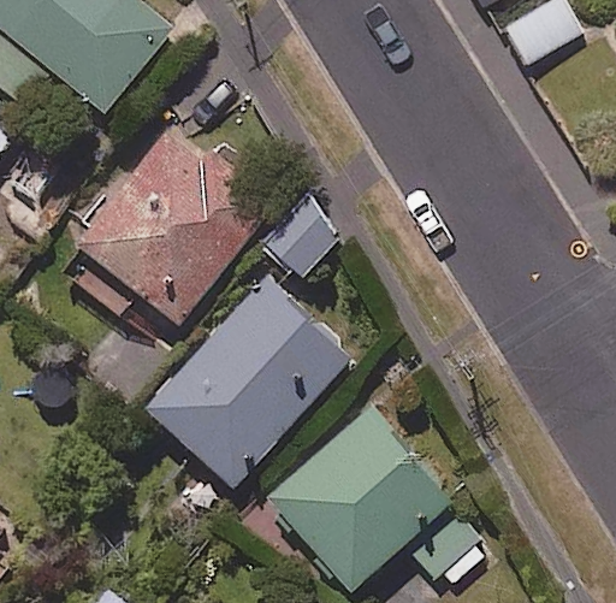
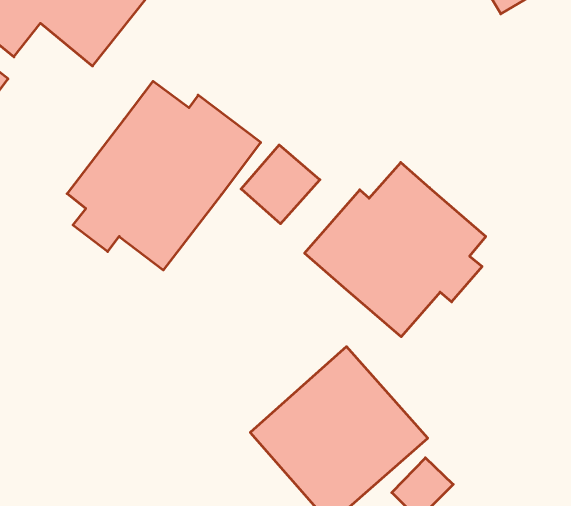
building: none -> [305,162,486,337]
building: [144,280,349,489] -> none

